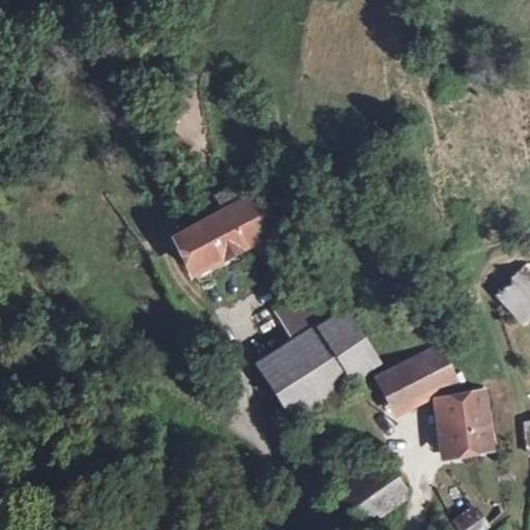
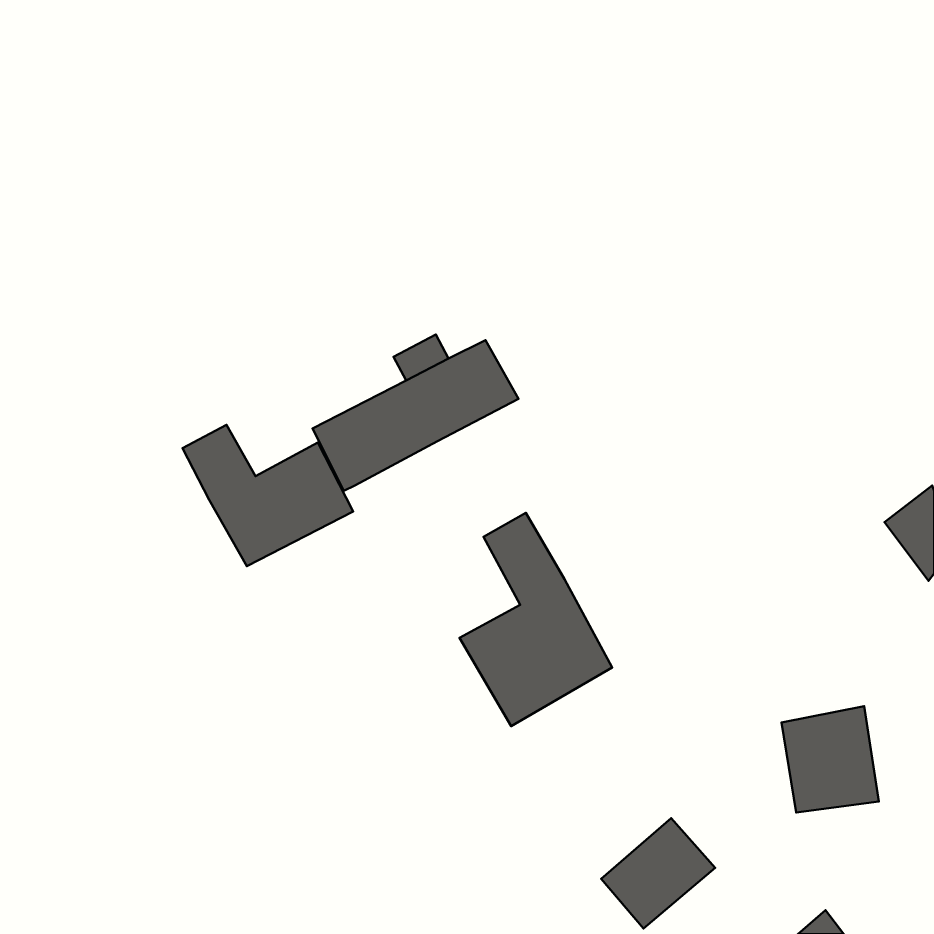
building: none -> [183,425,353,566]
building: [318,313,371,376] -> none
building: [372,345,449,407] -> none

